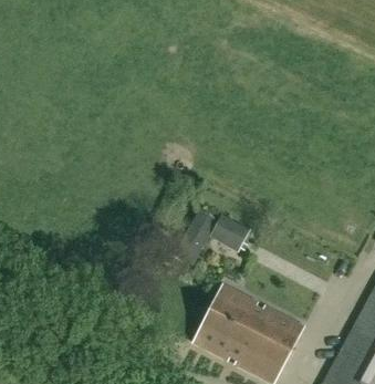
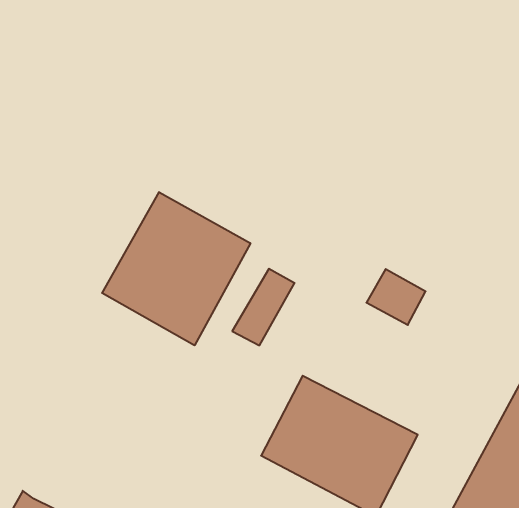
building: none -> [102,192,250,345]
building: [209,212,250,251] -> [366,269,426,325]

